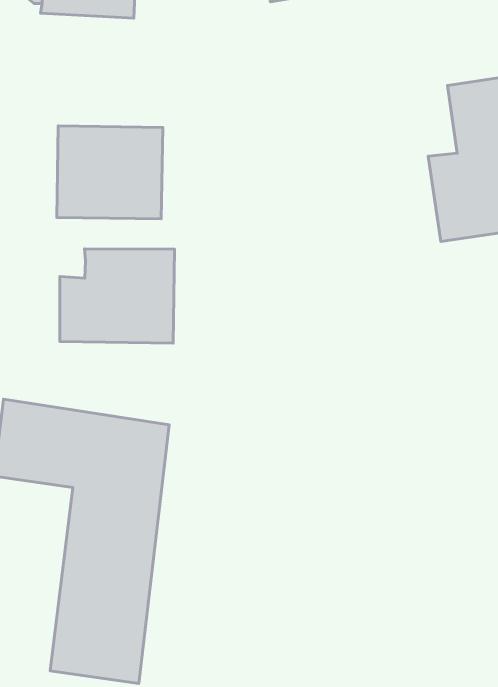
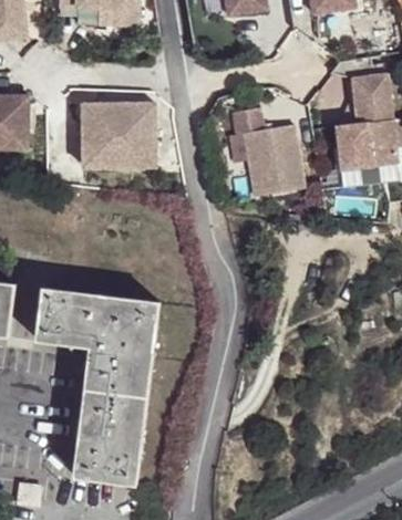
building: none -> [231,97,303,186]
building: [60,249,174,343] -> none

